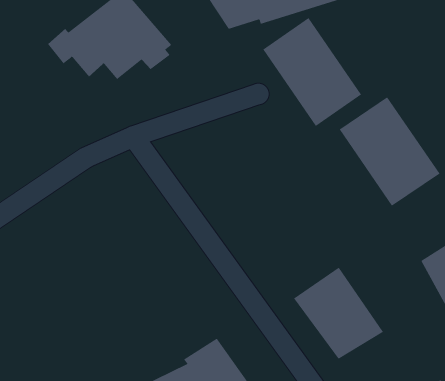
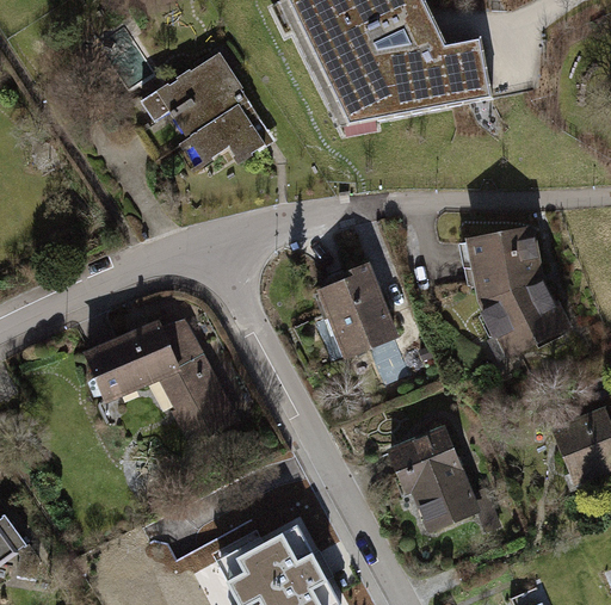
building: [263,17,362,127] -> none
building: none -> [322,270,422,390]
building: none -> [92,313,247,442]

